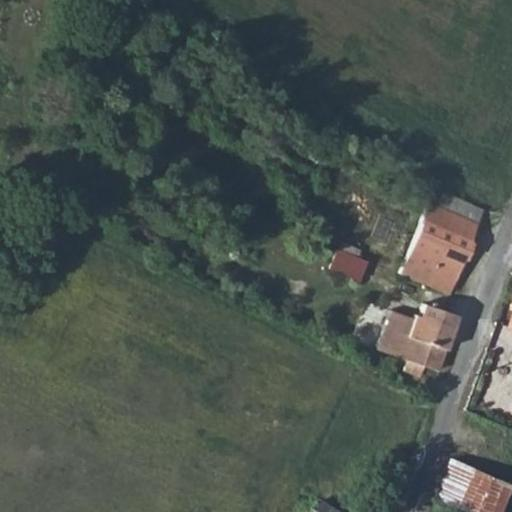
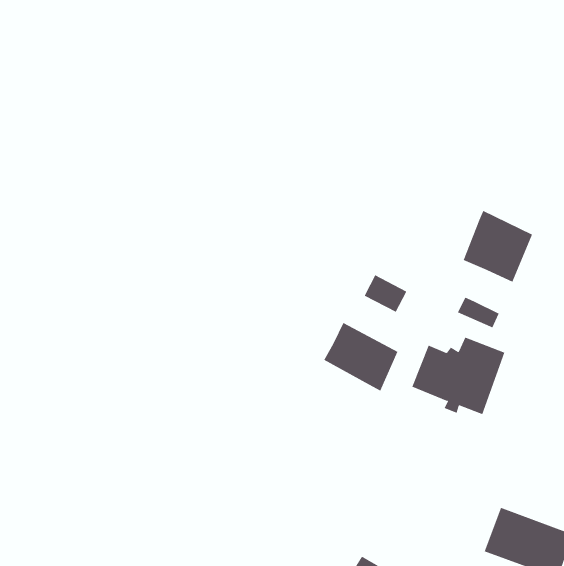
building: [431,245,465,284] -> none
building: none -> [324,322,398,391]

